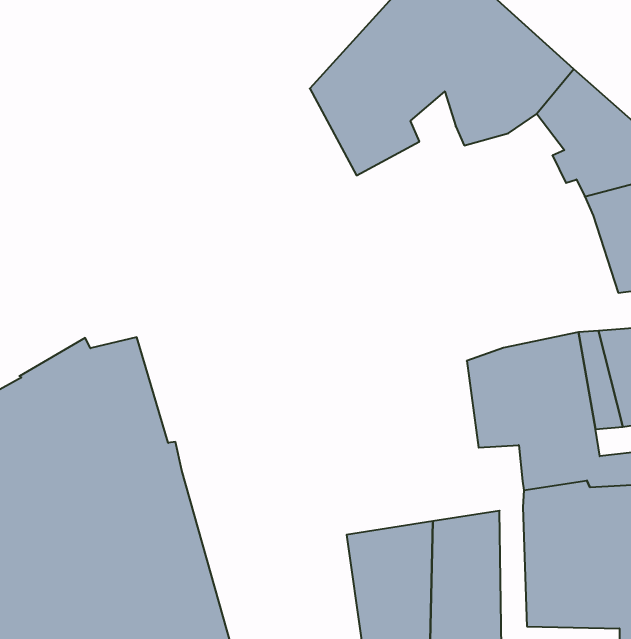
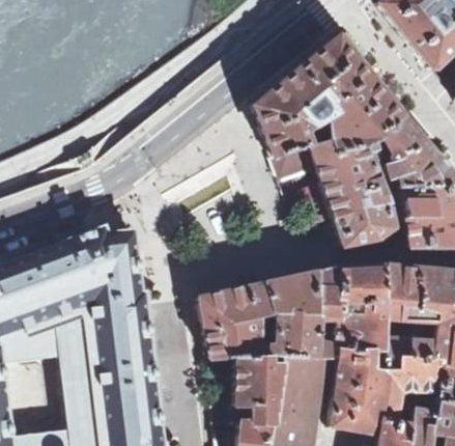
building: none -> [274,139,396,250]
building: none -> [201,272,340,363]

